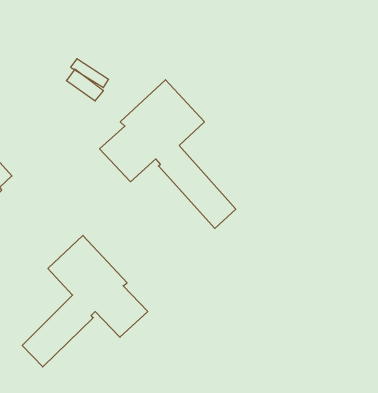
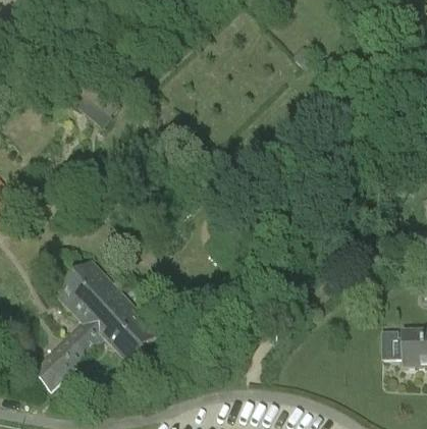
building: [100,80,236,228] -> none

